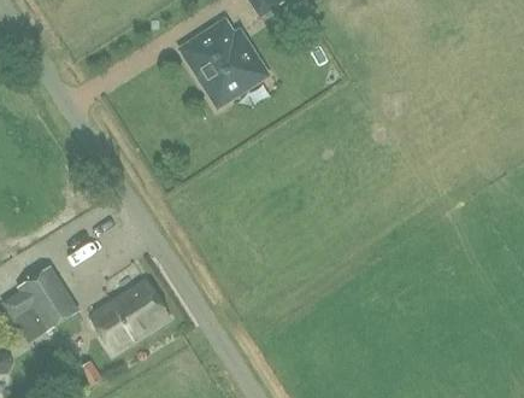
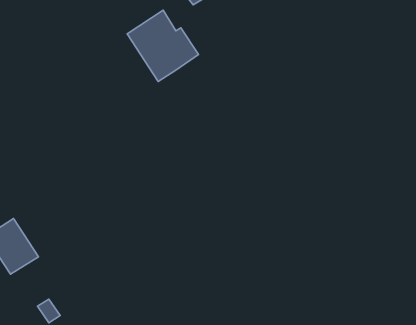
building: [89,279,170,351] -> none

